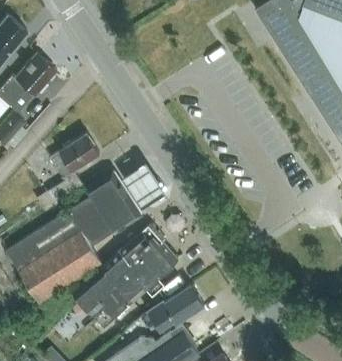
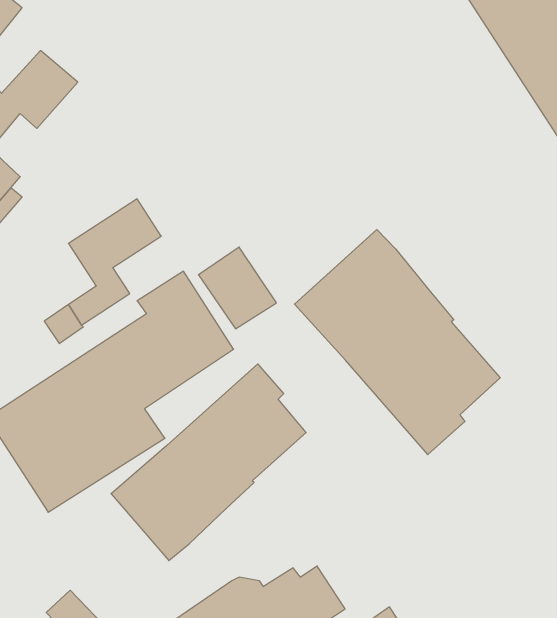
building: none -> [294,230,500,455]
building: [150,285,205,328] -> none

